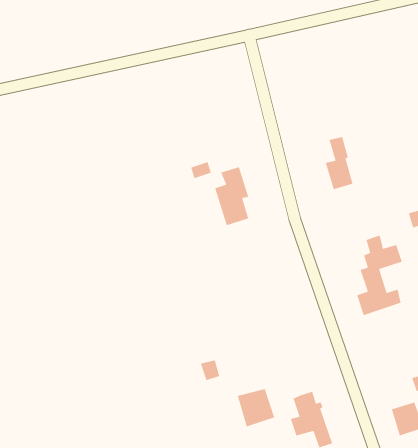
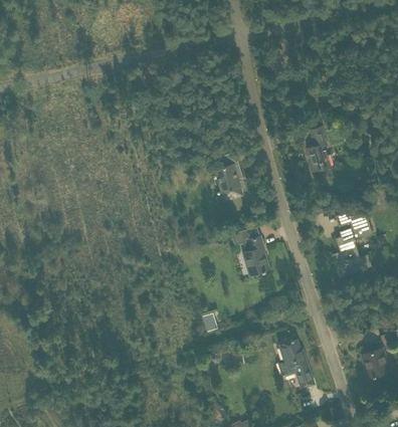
building: none -> [243,235,268,274]
building: [237,388,275,427] -> none

